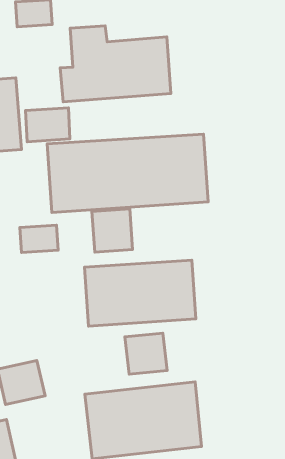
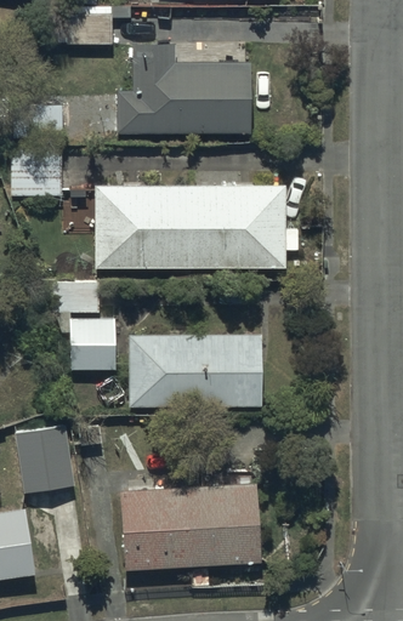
building: [26,108,70,142] -> none
building: [92,209,133,252] -> [70,323,117,372]
building: [125,333,167,374] -> none

